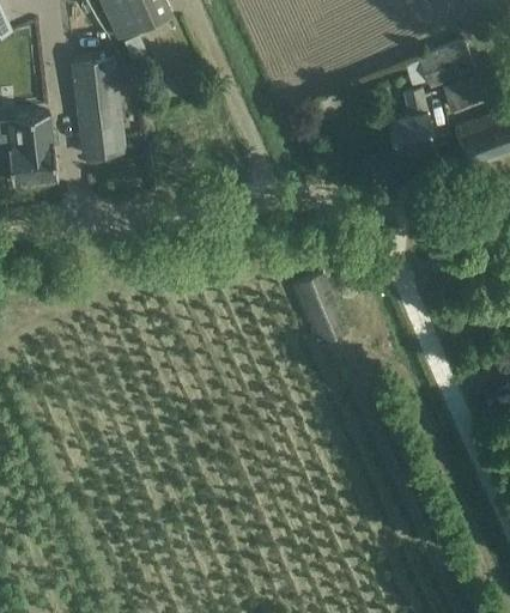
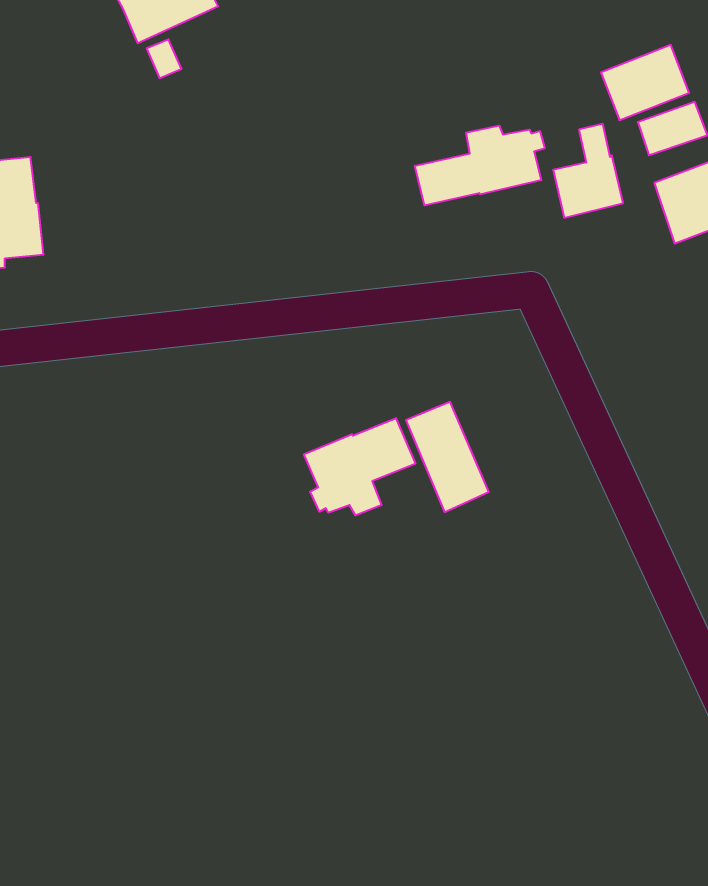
building: [73,56,125,154] -> none
building: none -> [415,126,545,205]
building: none -> [304,418,415,515]

